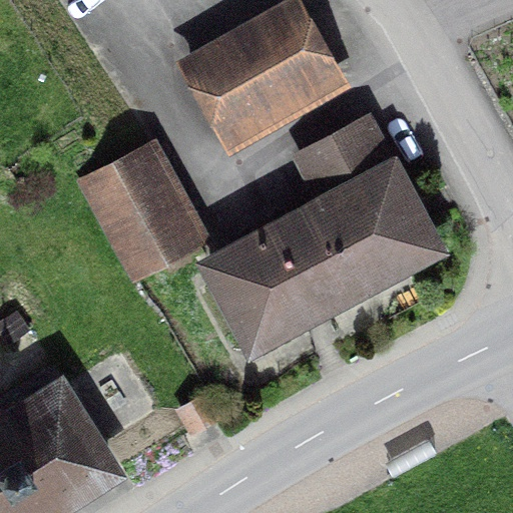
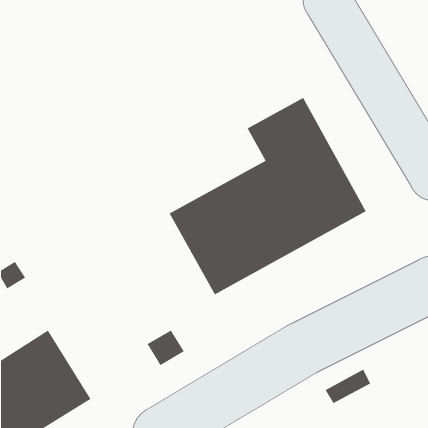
building: [197,13,338,136] -> none
building: [98,156,201,268] -> none

